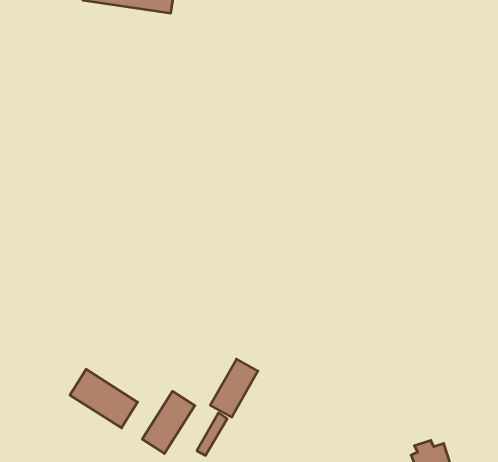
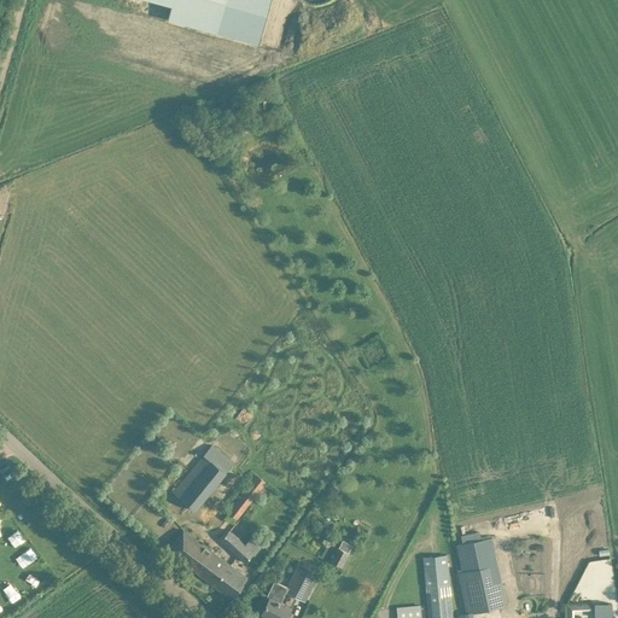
building: [210,359,258,417] -> none
building: [70,369,138,428] -> none

